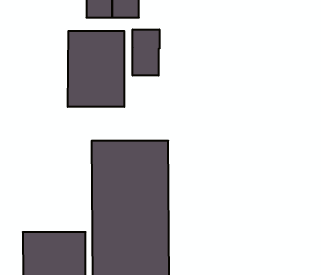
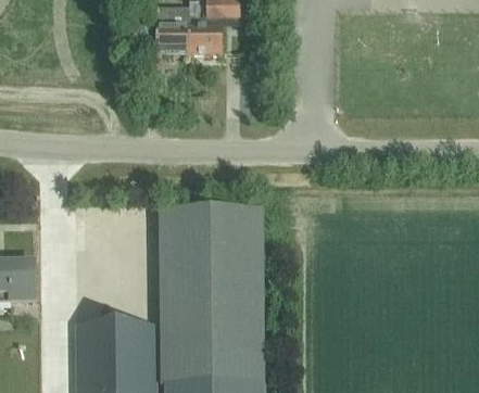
building: [133,29,159,76] -> none
building: [68,31,124,107] -> none

